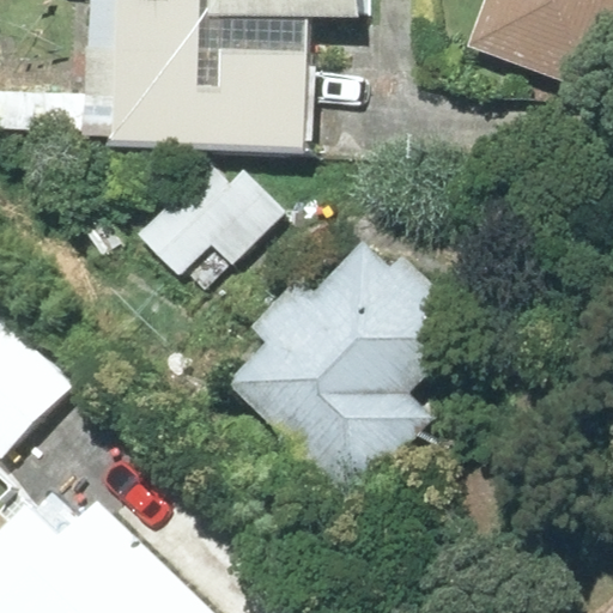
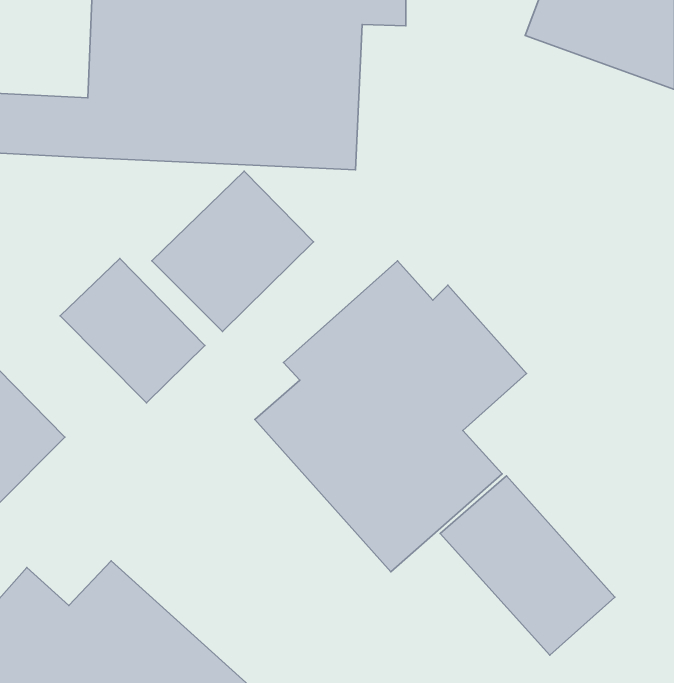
building: none -> [60,259,205,403]
building: none -> [440,476,615,655]

